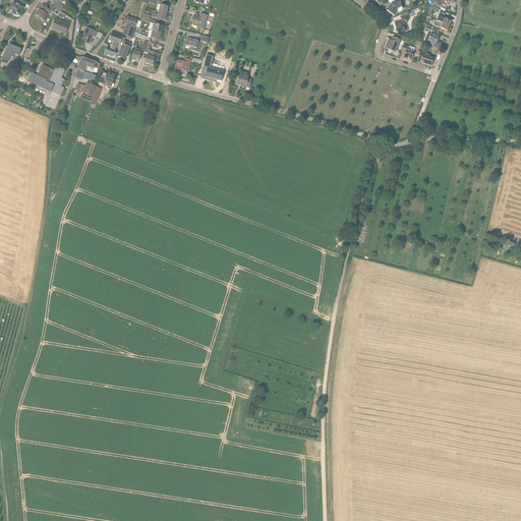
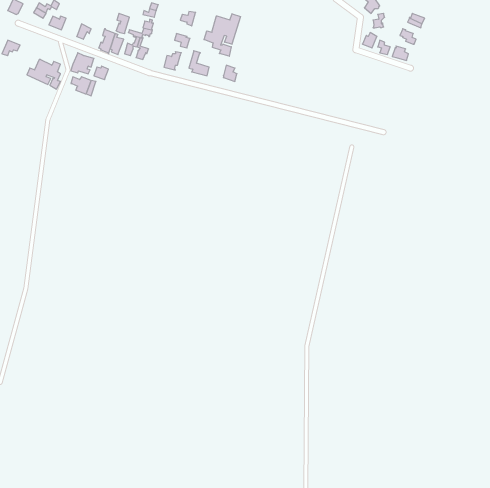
building: none -> [204,14,240,56]

